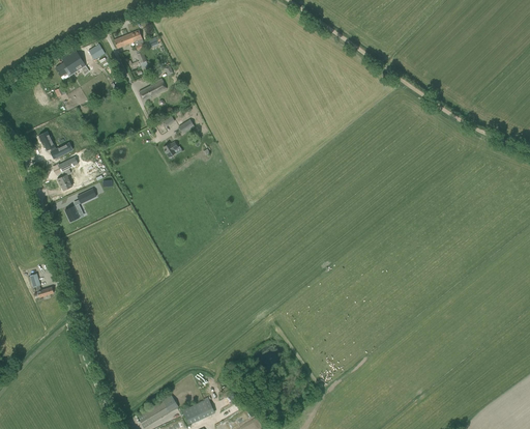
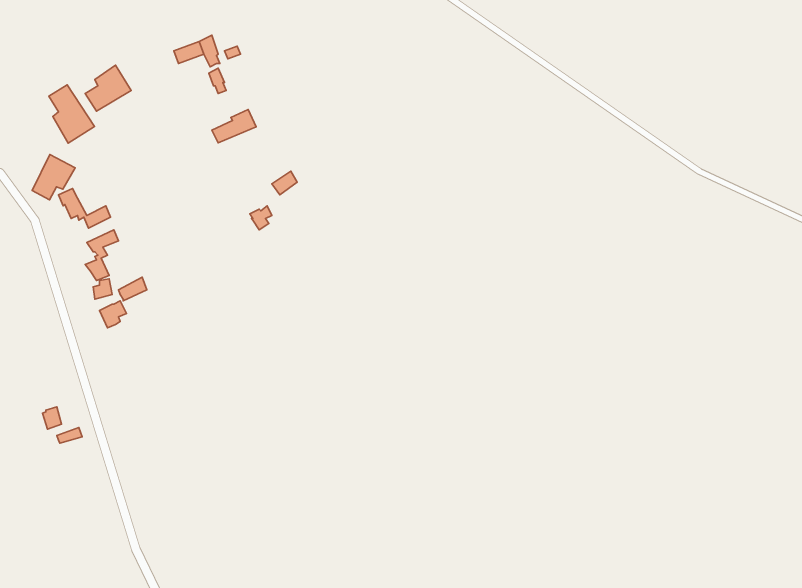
building: none -> [49,85,95,143]
building: none -> [32,155,75,200]

